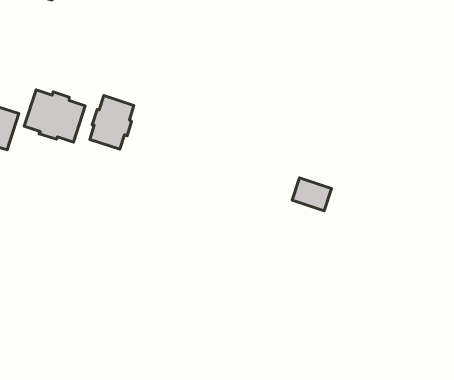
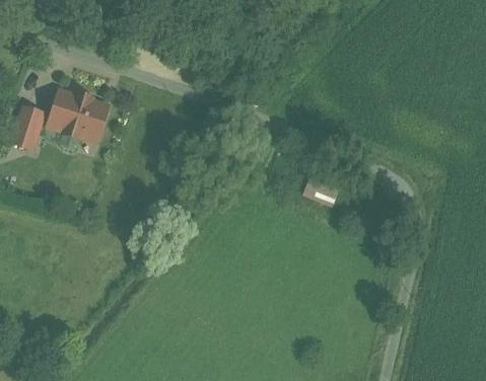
building: [90,96,134,149] -> none

